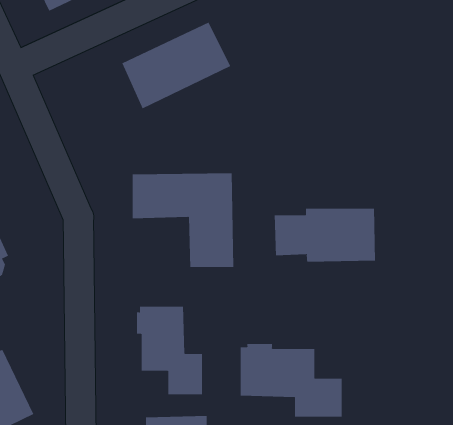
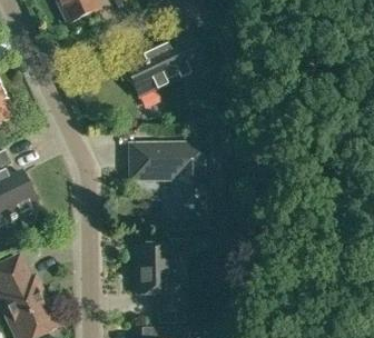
building: [274,208,375,263] -> none
building: [240,343,342,418] -> none

